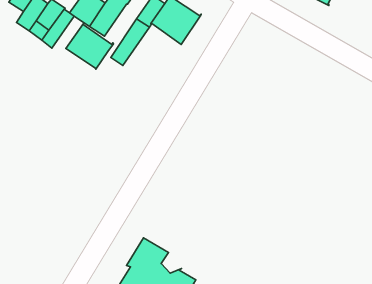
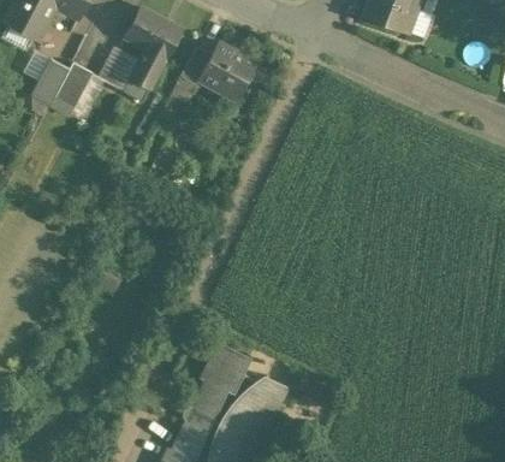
building: [66,23,113,69] -> none

